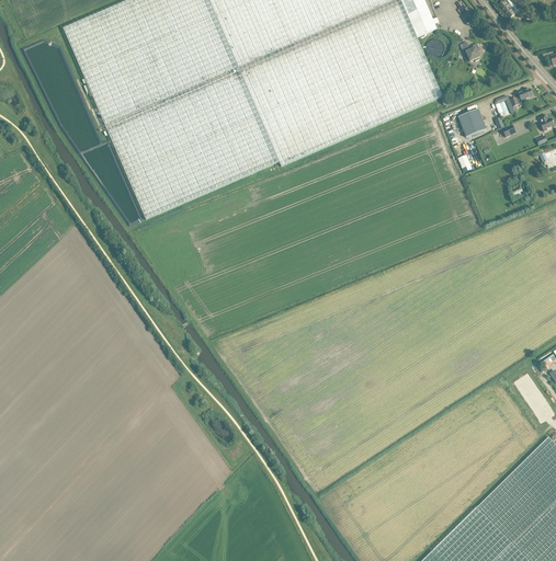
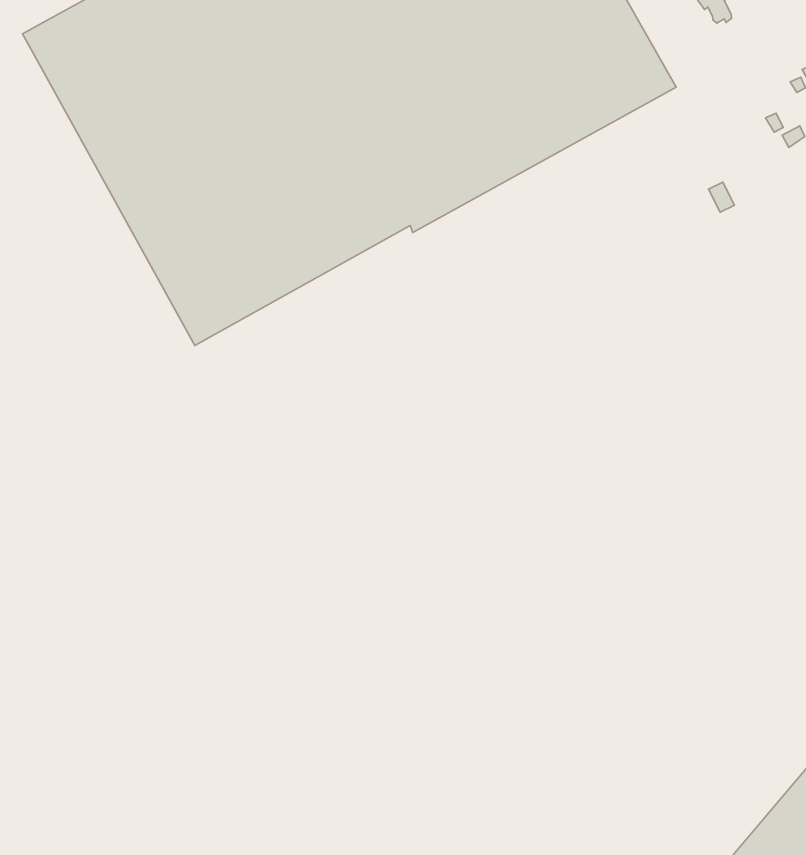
building: [458,106,487,135] -> none

